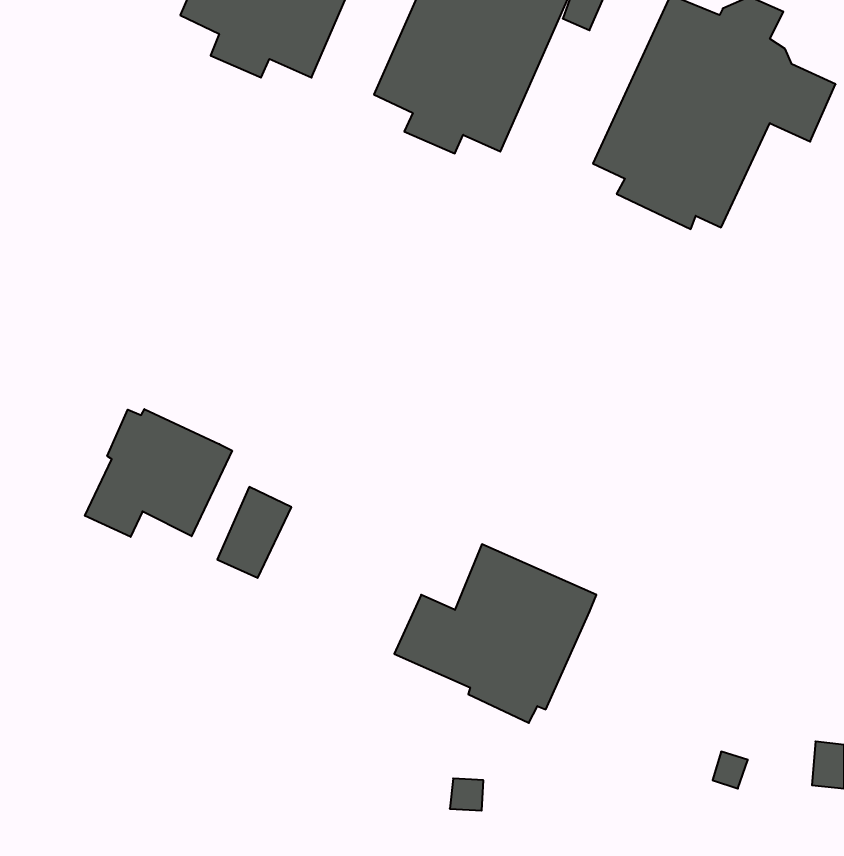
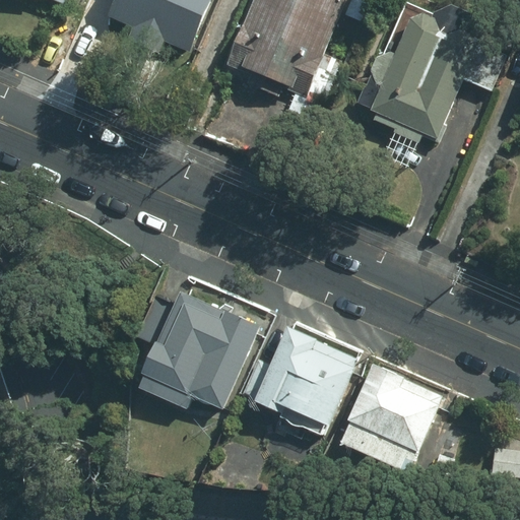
building: [85,409,232,537] -> none
building: none -> [140,296,259,410]
building: none -> [336,365,443,469]

